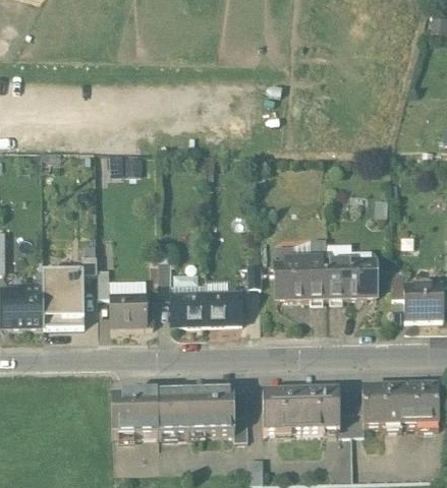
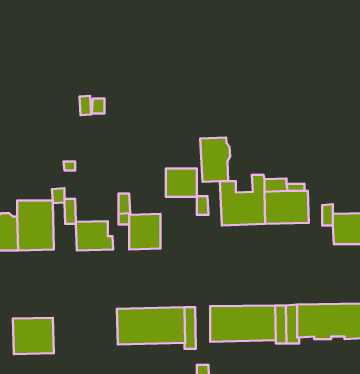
building: none -> [200,137,230,182]
building: [206,290,241,322] -> [166,169,197,197]
building: [110,391,157,433] -> [13,318,54,354]

